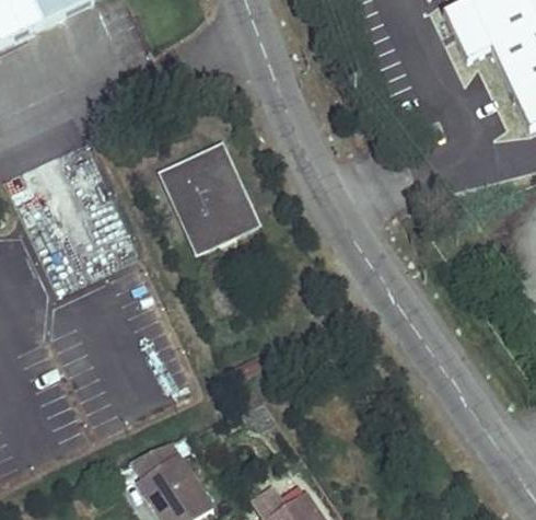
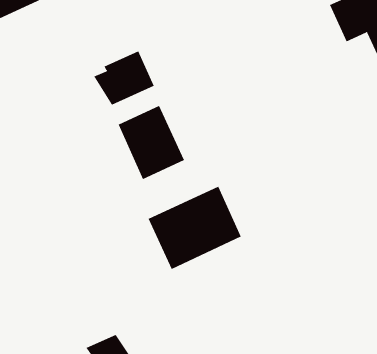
building: none -> [93,51,154,106]
building: none -> [148,186,241,270]

